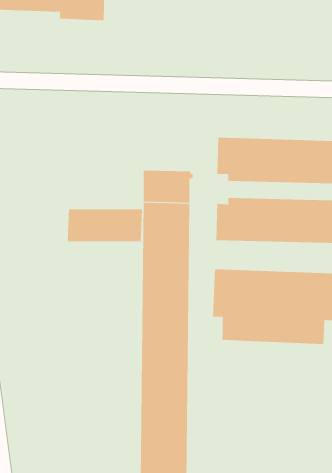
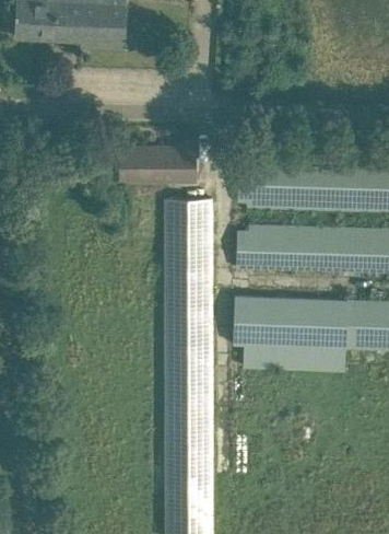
building: [67,209,143,242] -> [122,147,198,179]

